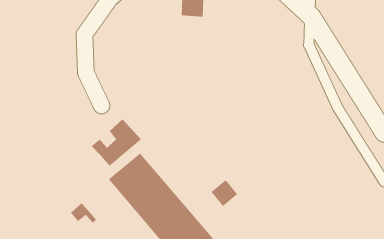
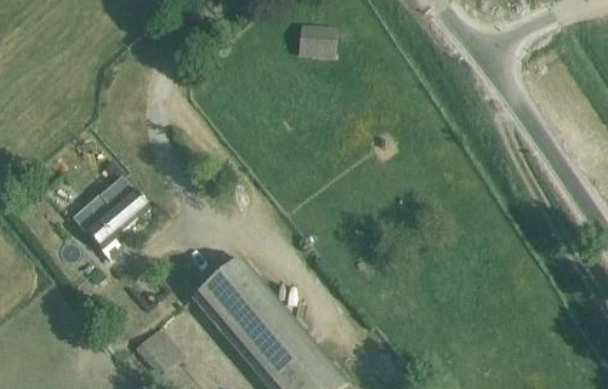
building: [91,118,142,167] -> [73,175,149,247]
building: [211,179,238,207] -> none

